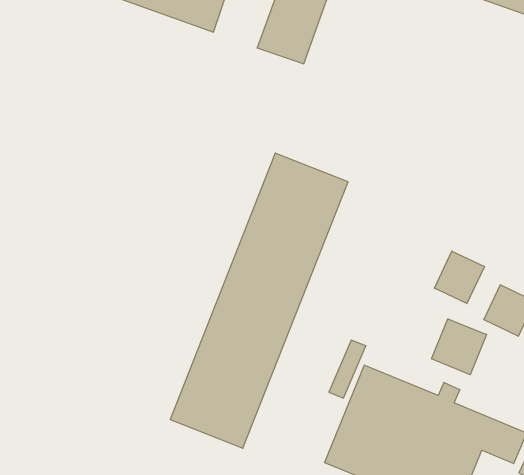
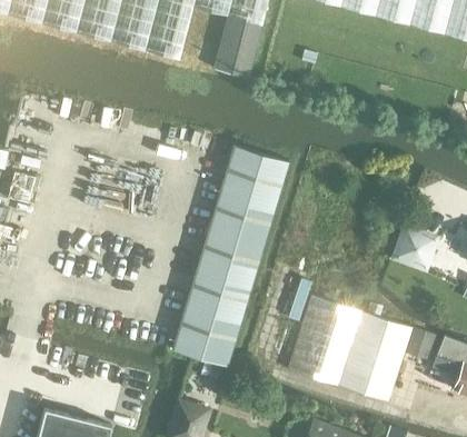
building: [434,251,484,304] -> none
building: [432,319,487,375] -> none

